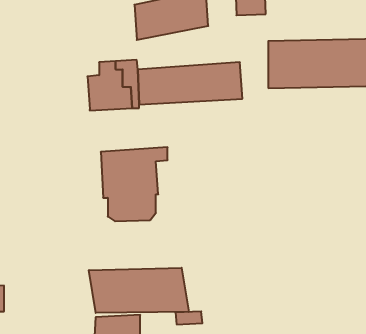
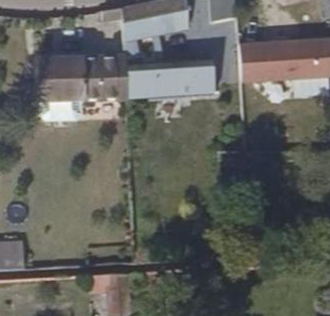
building: [101,147,168,221] -> [36,58,94,122]
building: [89,268,189,313] -> none

